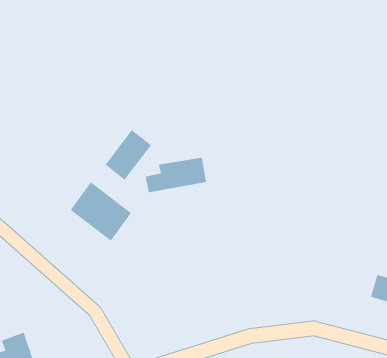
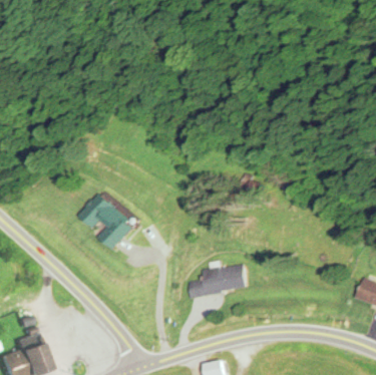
building: [105,129,152,180] -> none
building: [145,157,207,193] -> [189,264,246,297]

